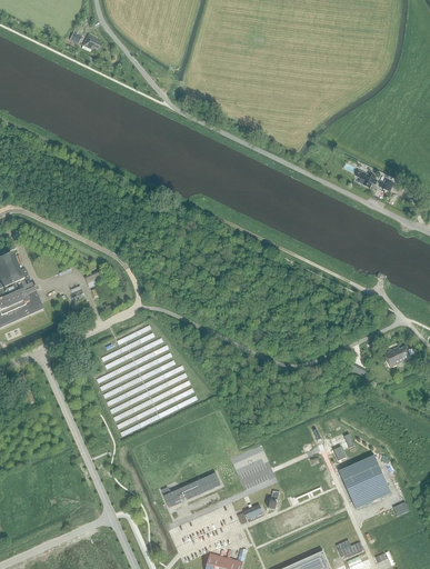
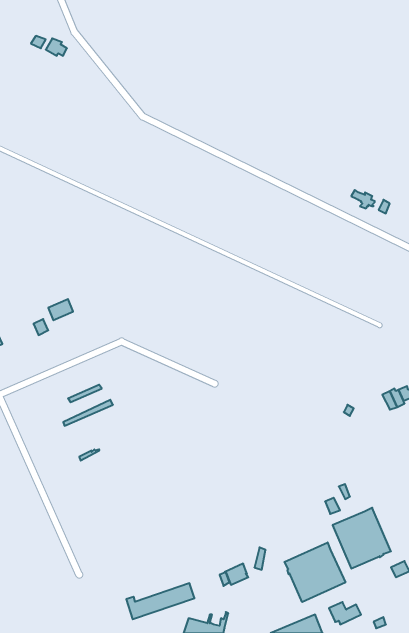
building: [163,473,224,506] -> [126,583,195,619]
building: none -> [284,542,345,602]

